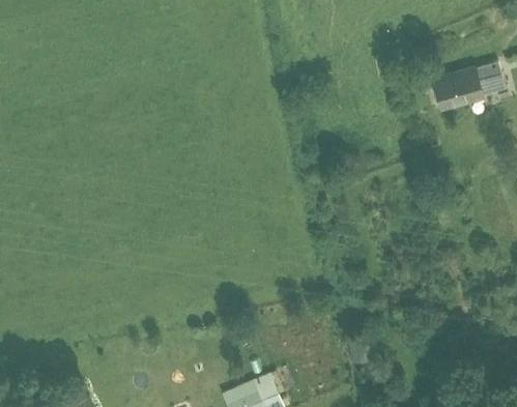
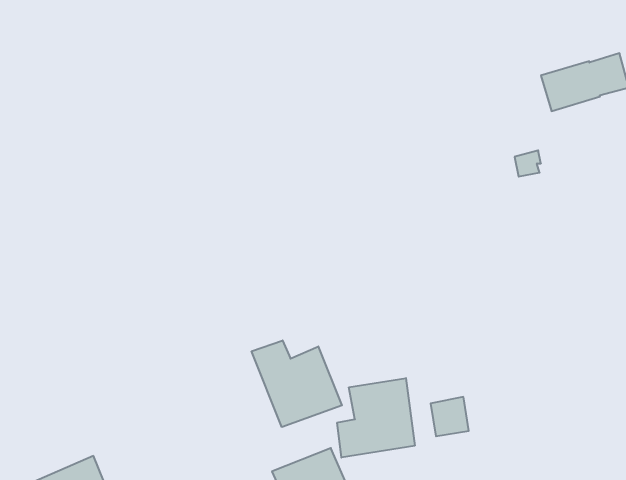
building: none -> [252,340,342,427]
building: none -> [337,378,415,458]

